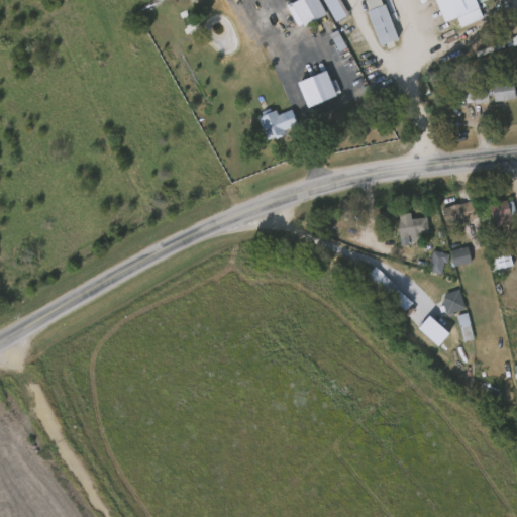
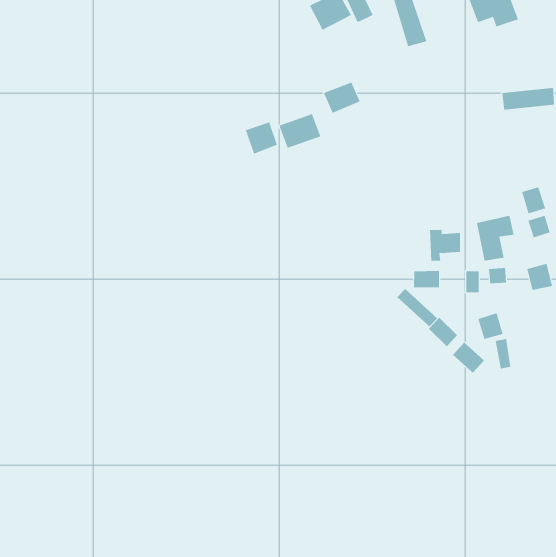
building: none -> [245,121,278,155]
building: none -> [521,187,546,214]
building: none -> [413,270,440,288]

